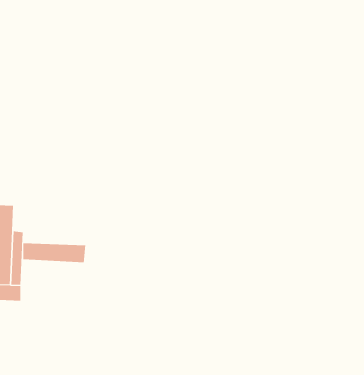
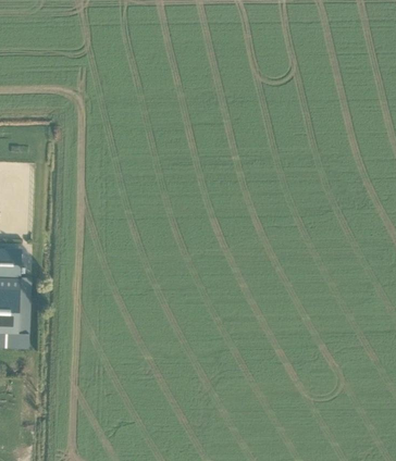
building: [23,242,86,263] -> none

